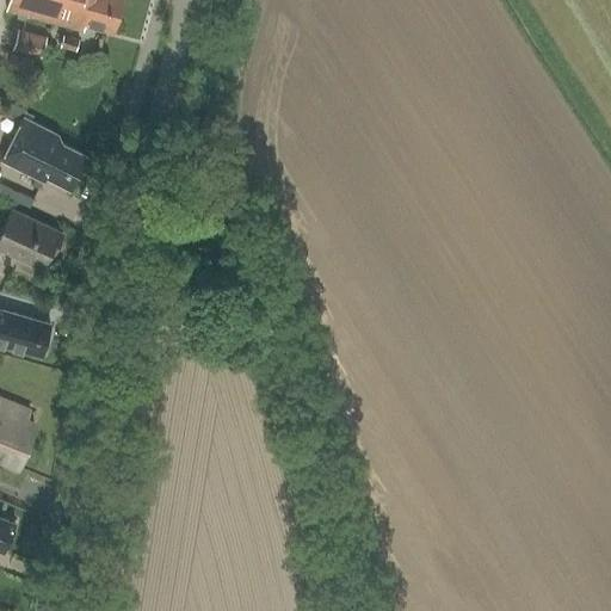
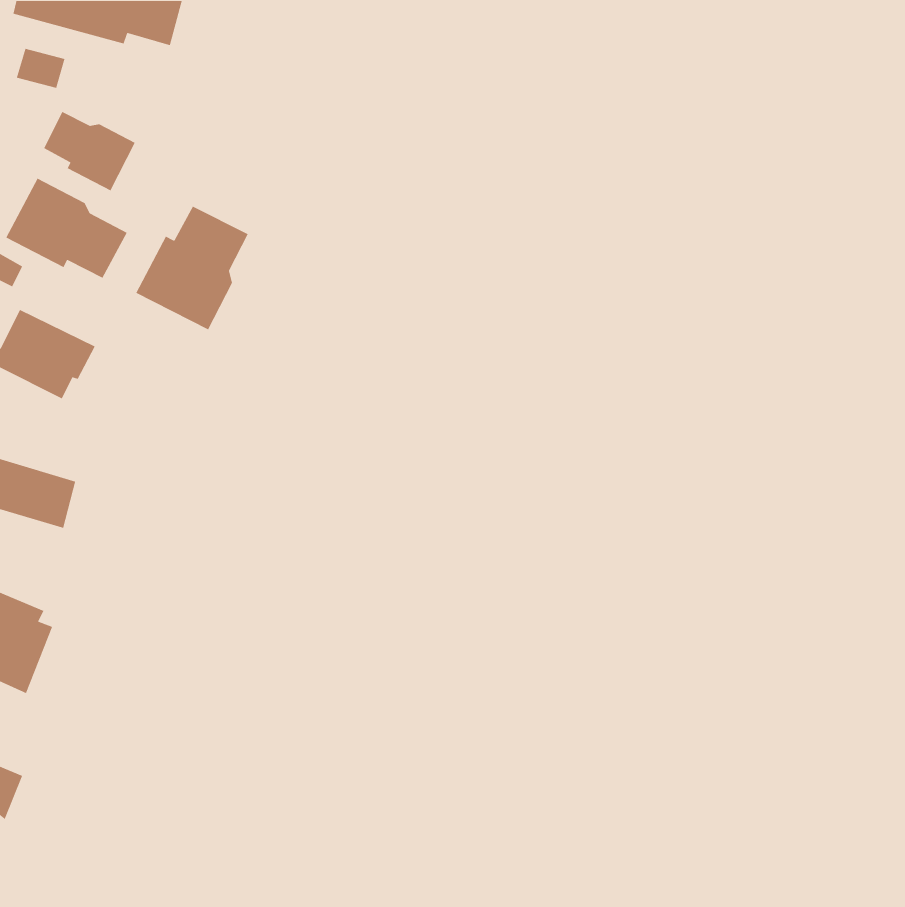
building: none -> [43,111,136,192]
building: none -> [135,205,249,330]

